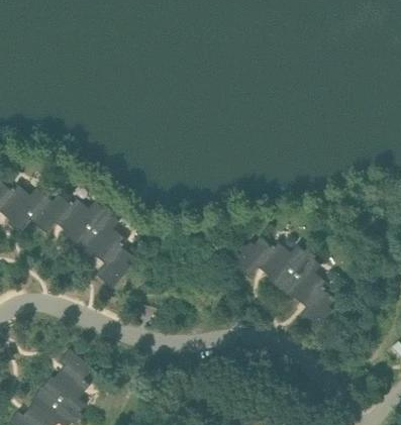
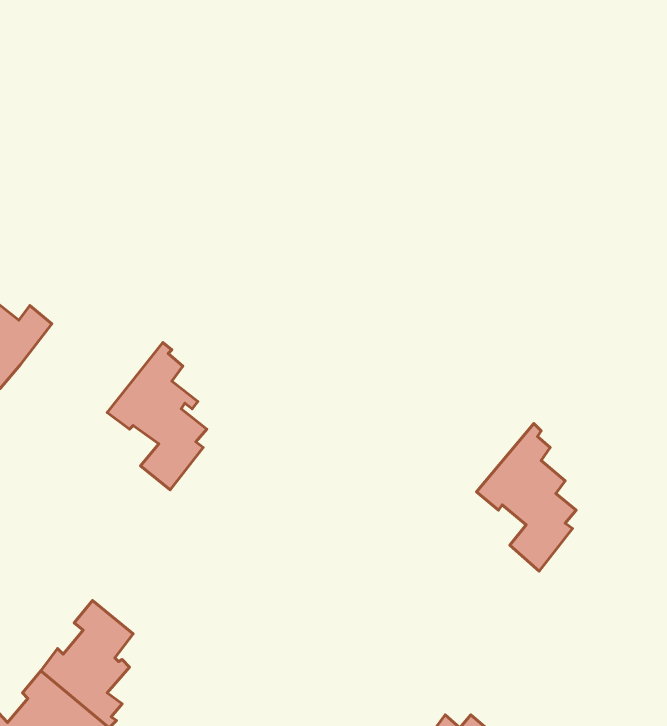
building: [30,193,108,245] -> none
building: [231,237,311,289] -> none

